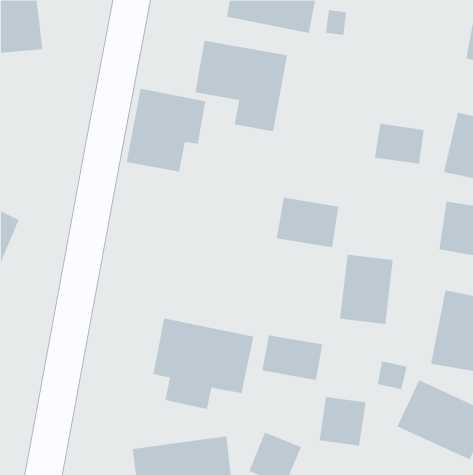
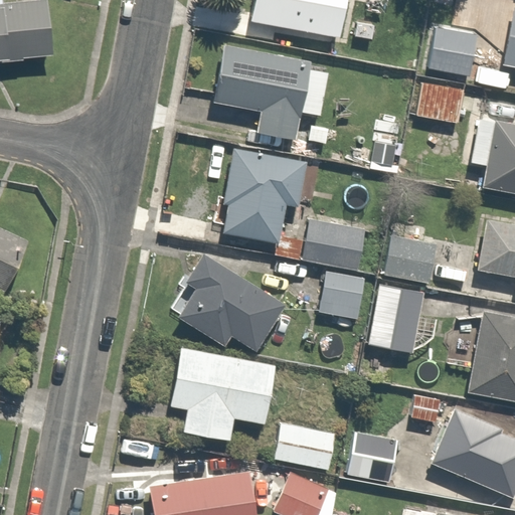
building: none -> [430,26,478,75]
building: [126,88,206,172] -> [221,150,308,240]
building: [374,123,425,164] -> [413,79,468,124]
building: none -> [378,235,434,283]
building: none -> [169,255,287,354]
building: none -> [316,267,368,320]
building: [261,335,323,381] -> [274,421,340,471]

